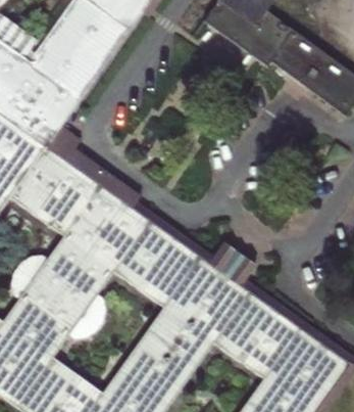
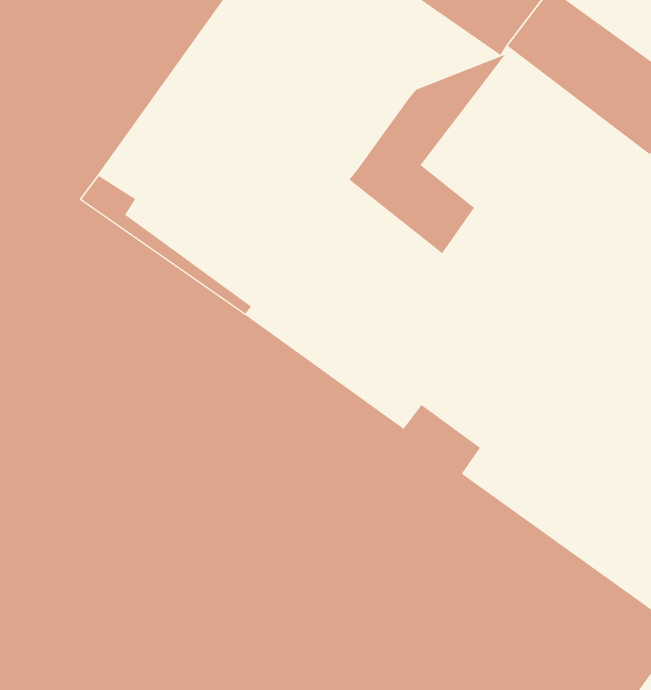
building: none -> [348,53,507,254]

